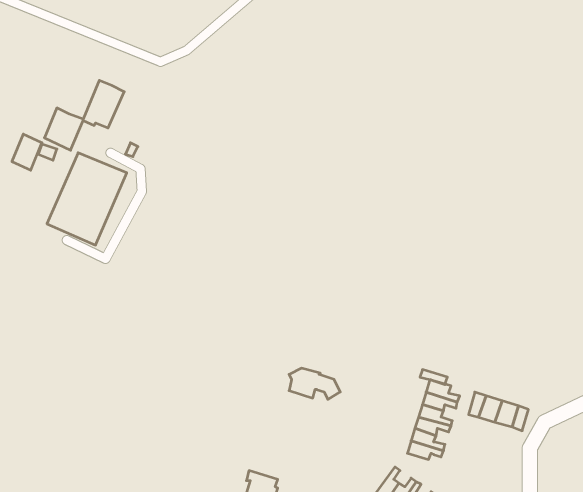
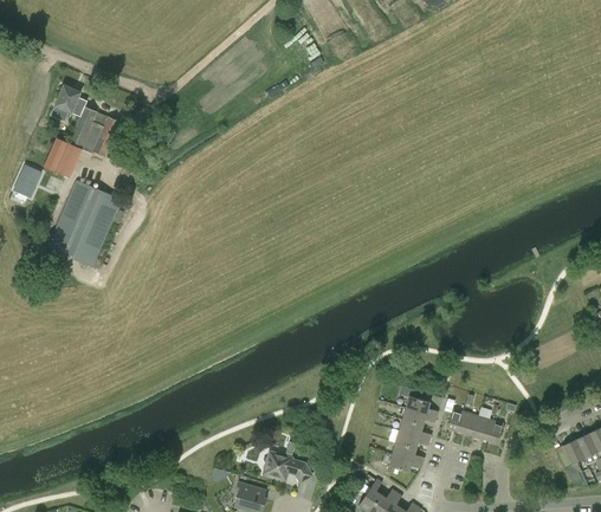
building: none -> [51,88,96,149]
building: [289,368,340,399] -> [263,453,311,482]

